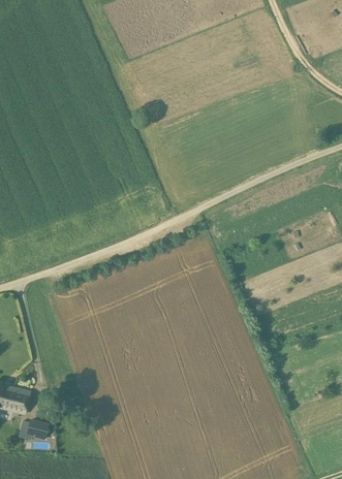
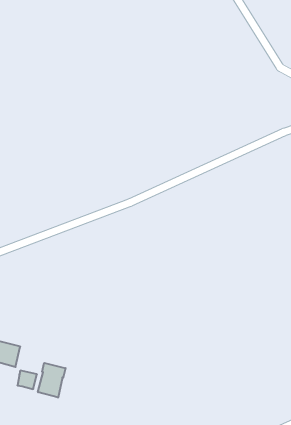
building: none -> [38,363,66,398]

